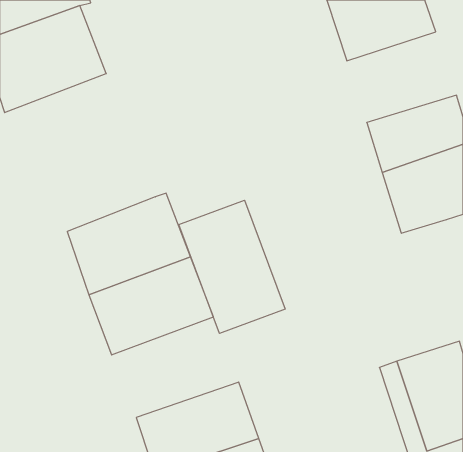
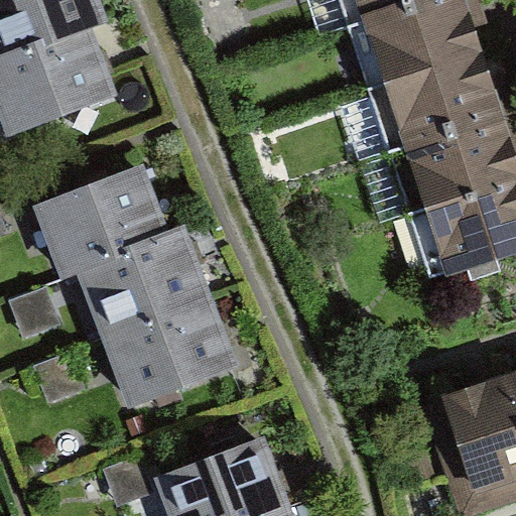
building: none -> [385,48,507,149]
building: none -> [32,161,172,275]
building: [179,200,285,333] -> none

